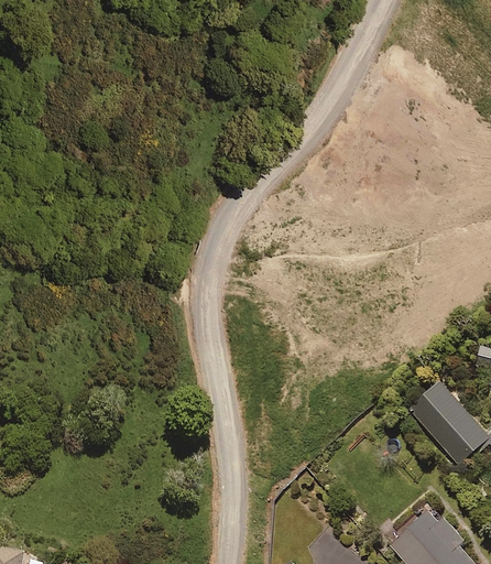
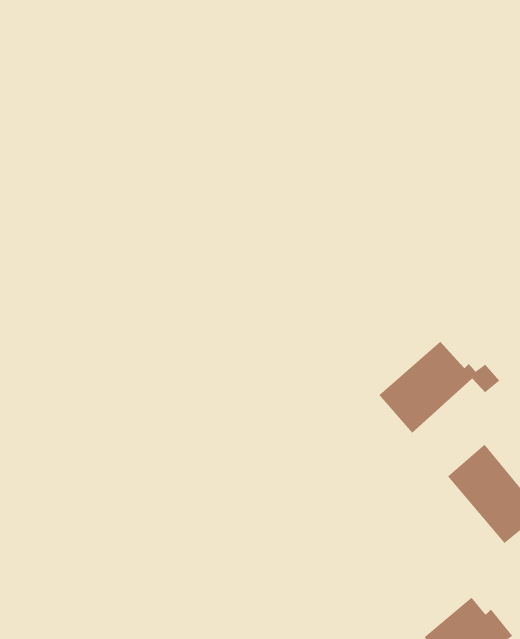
building: none -> [379,341,500,434]

